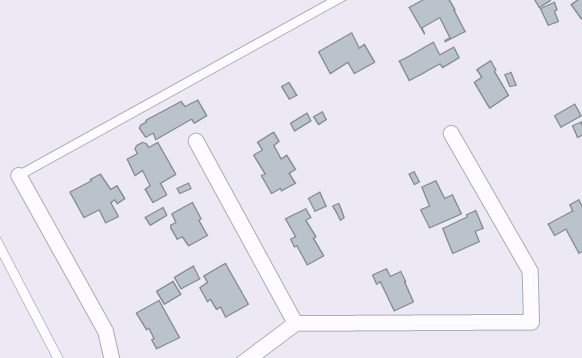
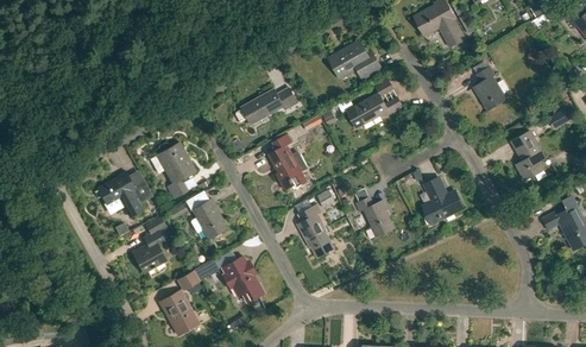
building: [399,42,459,80] -> [347,92,403,127]
building: [139,100,207,140] -> [235,87,298,124]
building: none -> [511,130,546,179]
building: [443,210,483,254] -> none
building: none -> [133,216,166,272]
building: [373,269,413,311] -> [357,196,395,235]

